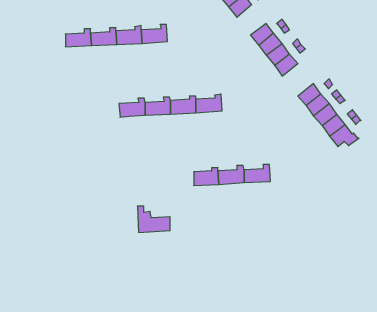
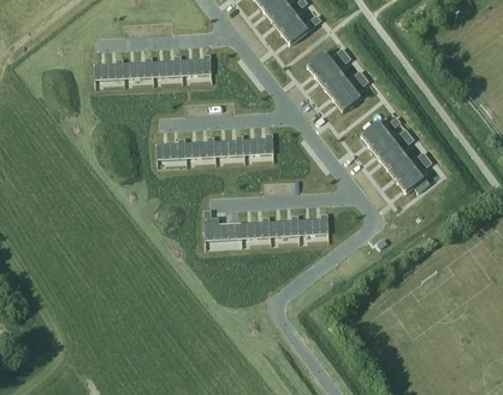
building: [137,206,170,232] -> [205,210,242,240]

